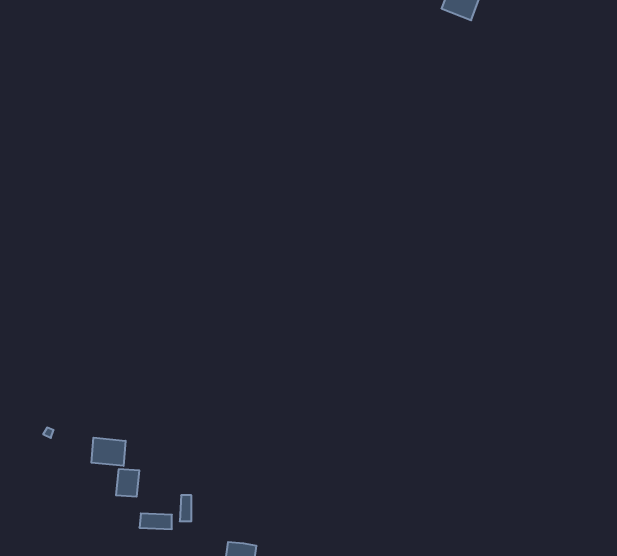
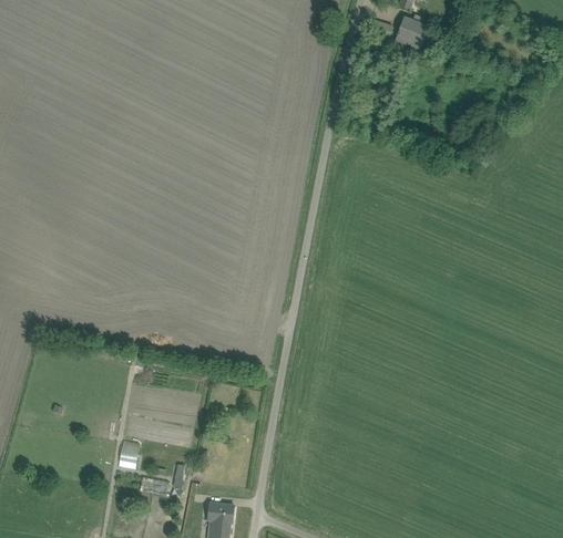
building: [91,438,126,466] -> none

